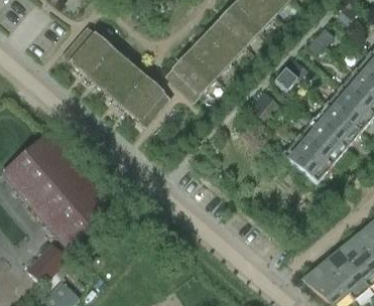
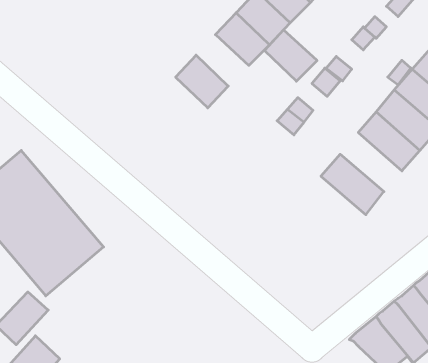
building: [65,28,168,125] -> none
building: [184,41,226,82] -> [264,30,317,81]
building: [297,118,346,164] -> none

